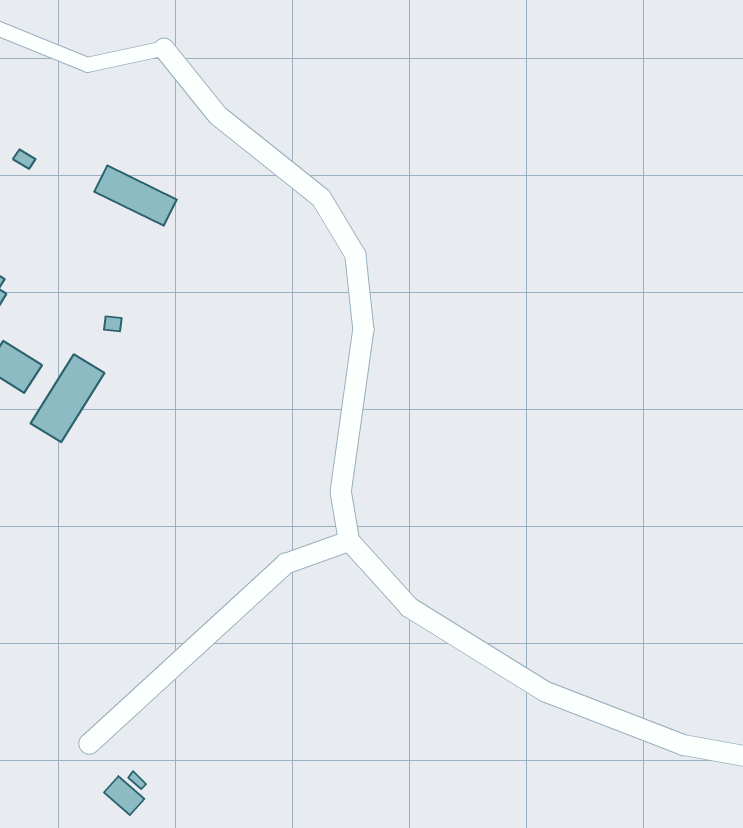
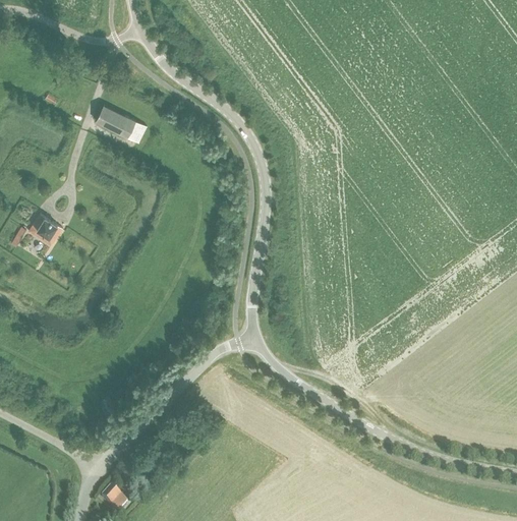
building: [31,354,104,442] -> none

